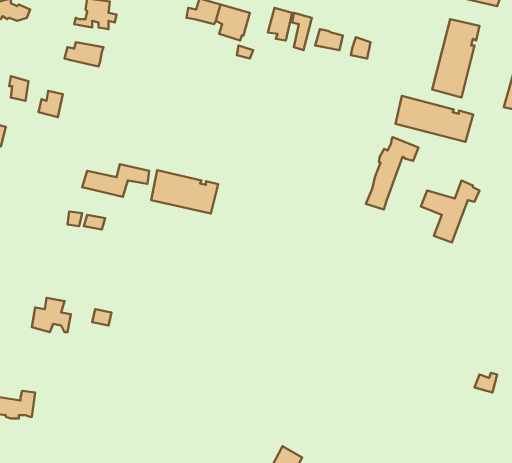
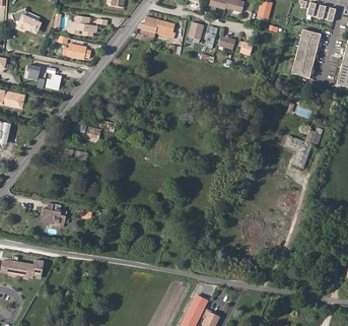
building: [396,96,473,142] -> none
building: [366,137,418,210] -> none
building: [151,170,218,213] -> none

